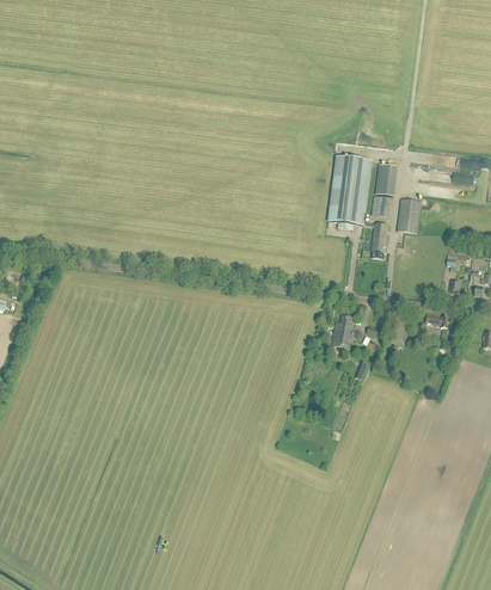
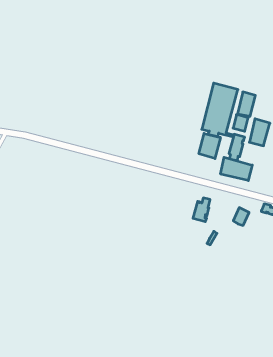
building: none -> [199,133,220,159]
building: none -> [221,157,252,181]

